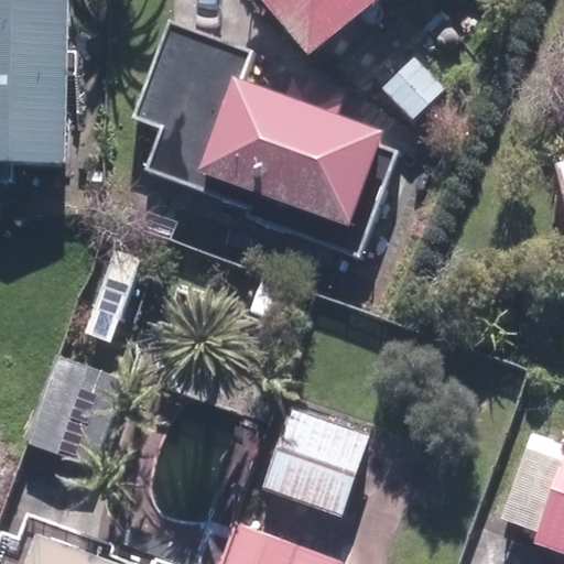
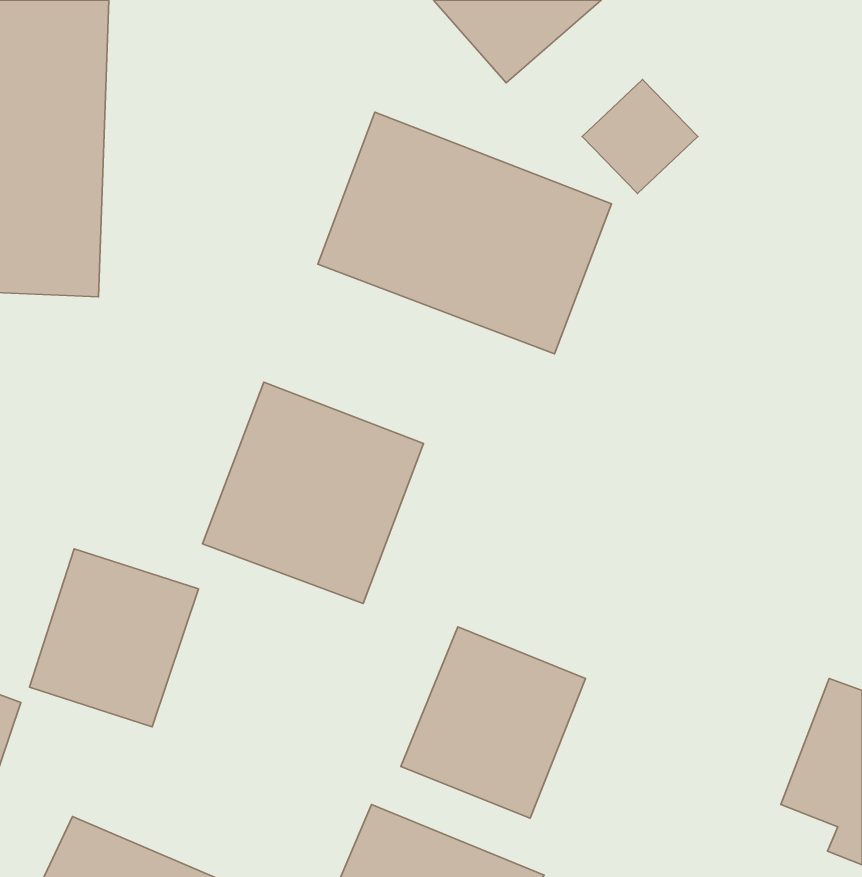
building: [128,22,247,191] -> none
building: none -> [202,382,423,604]

